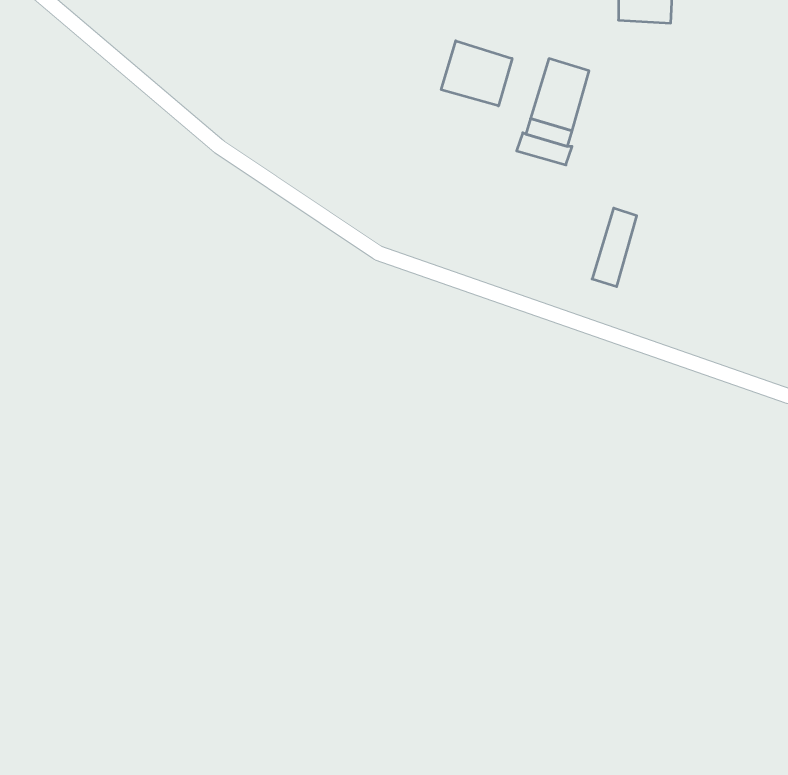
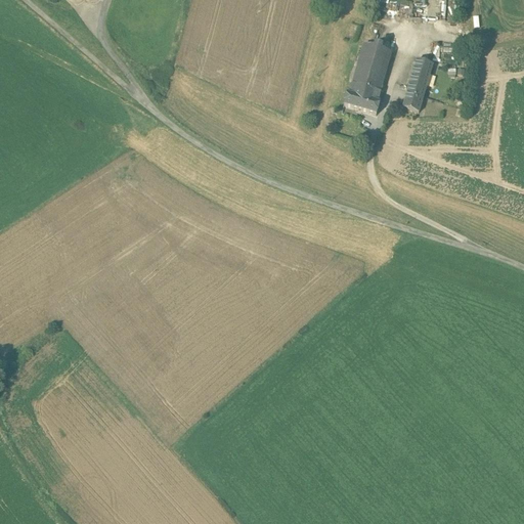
building: [441,41,512,106] -> none
building: [592,208,637,287] -> [402,54,432,106]

